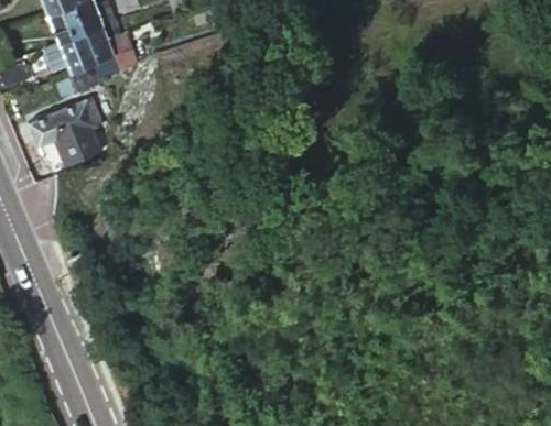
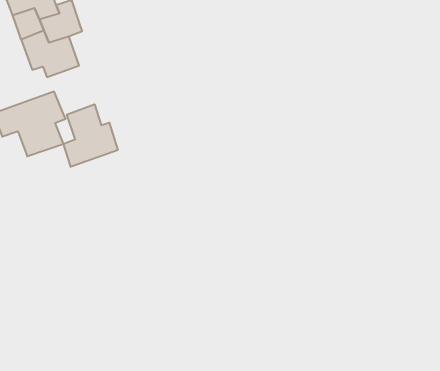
building: none -> [63,104,118,167]

